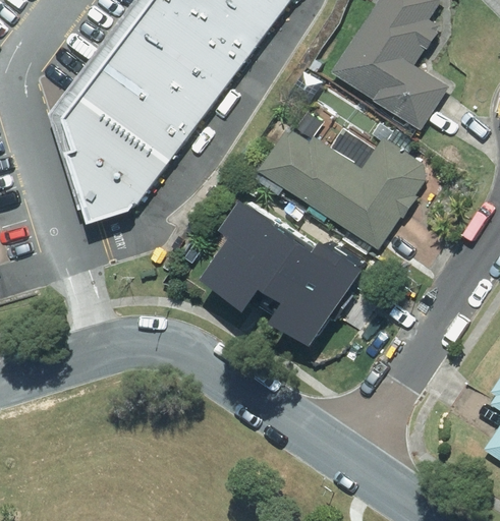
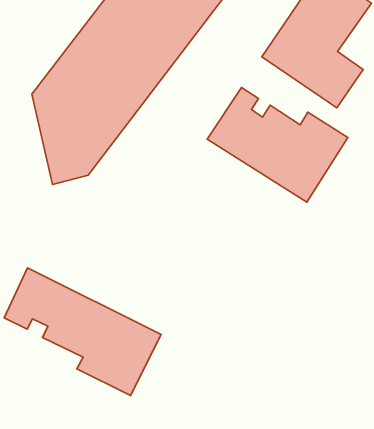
building: [195,198,362,347] -> none
building: none -> [4,268,161,395]

